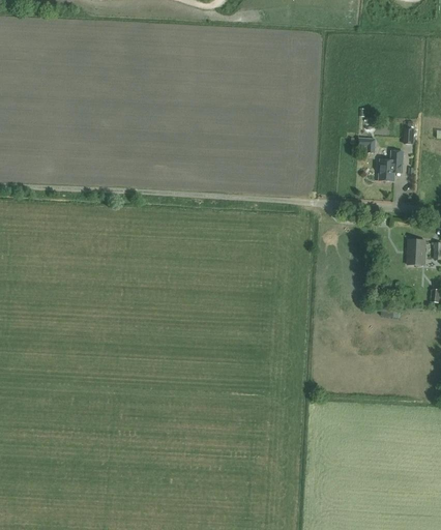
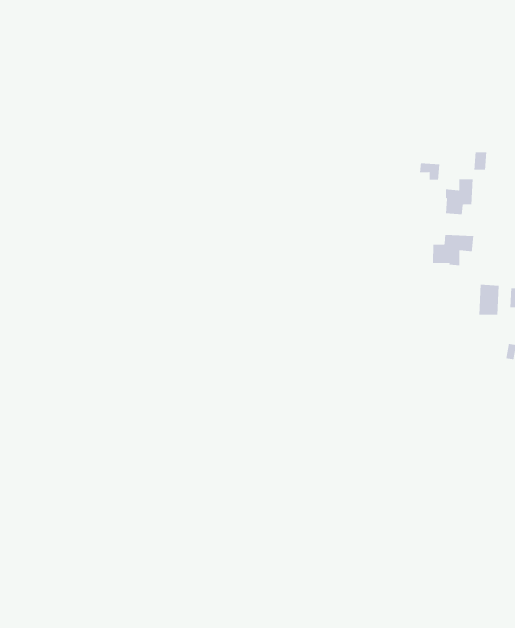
building: none -> [433,234,474,266]

